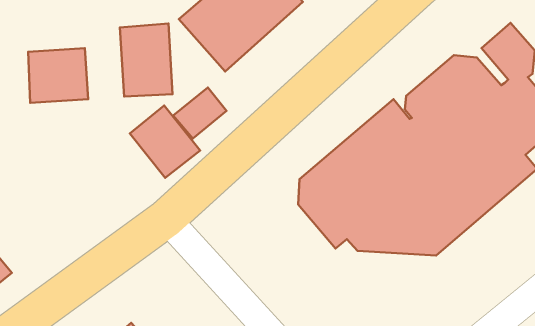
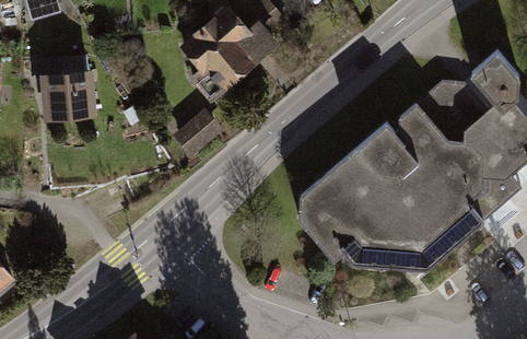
building: [120,24,173,96] -> none
building: [130,105,200,178] -> none

